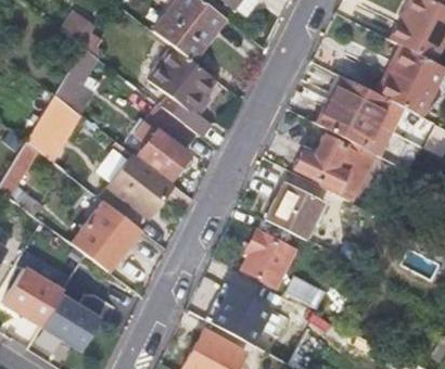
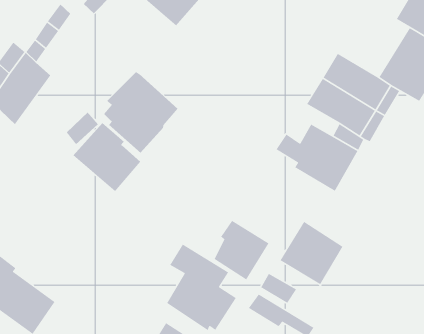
building: [151,49,219,136] -> none
building: [266,182,323,240] -> [279,221,344,285]
building: [74,201,141,270] -> none

